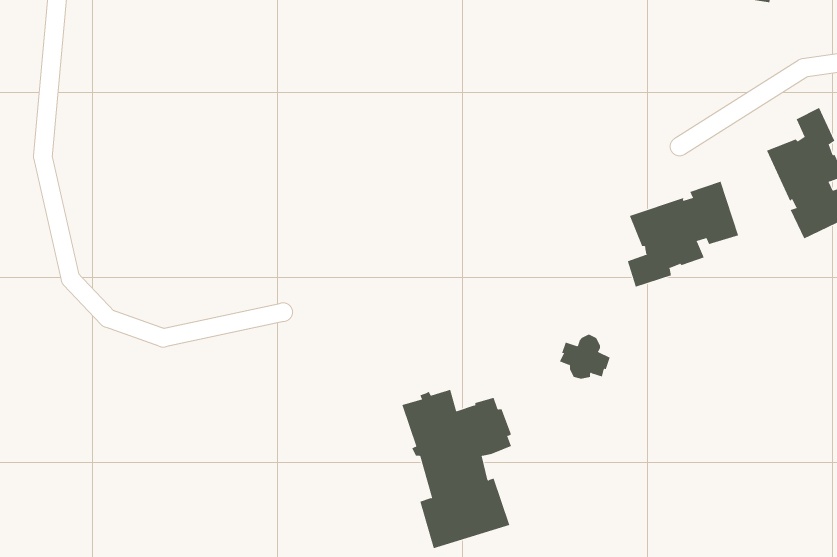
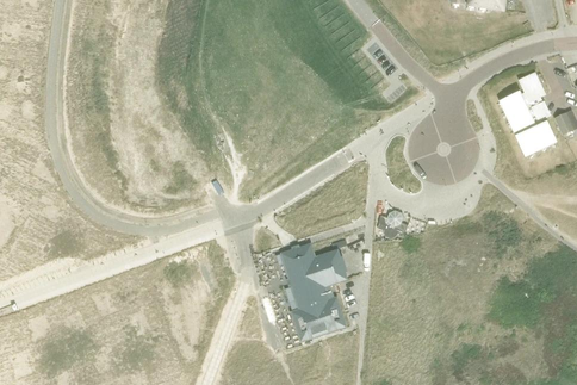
building: [627,181,739,288] -> none

